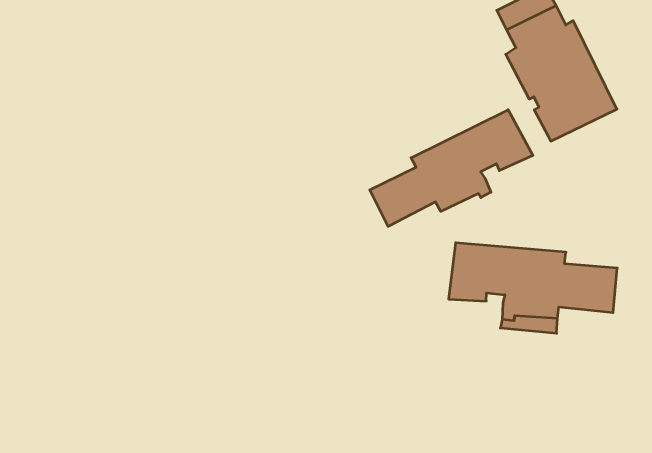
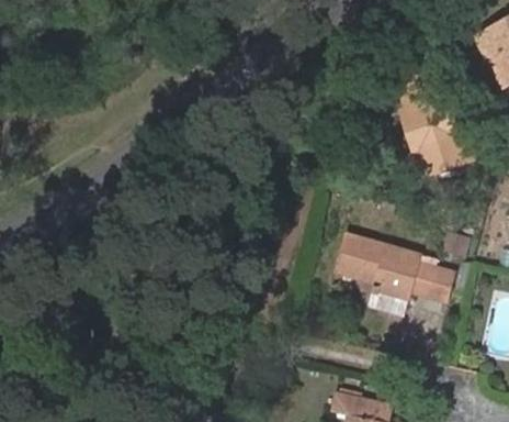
building: [370,110,533,226] -> none

